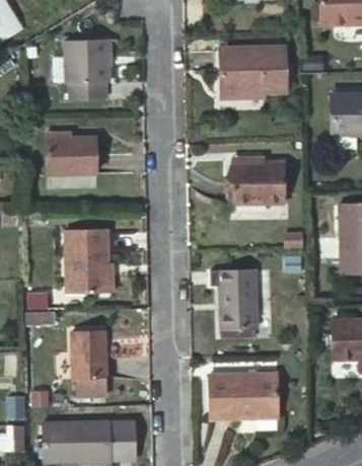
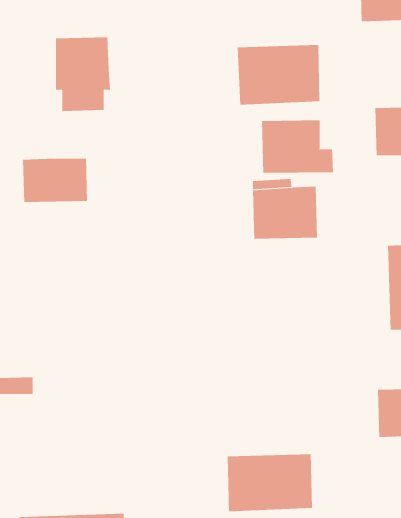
building: none -> [262,119,334,173]
building: [66,229,110,292] -> none
building: [220,269,257,328] -> none
building: [72,331,105,398] -> none

